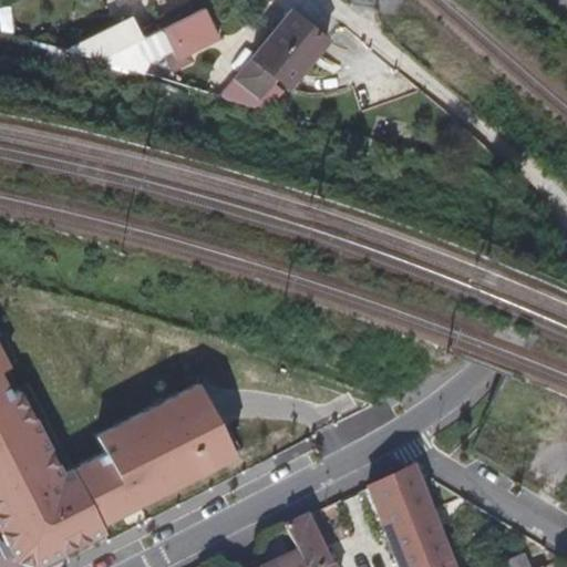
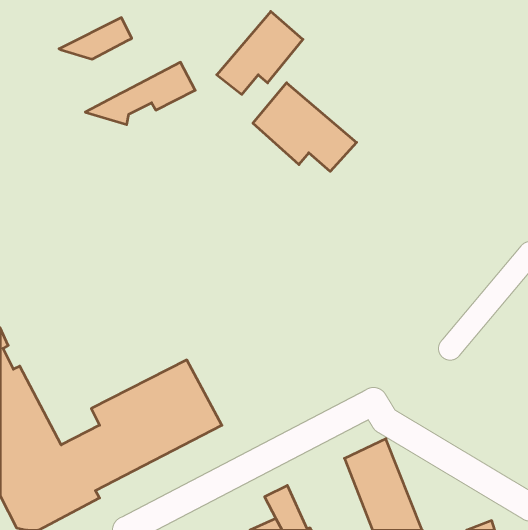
building: [101,10,218,76] -> [85,62,195,125]
building: none -> [253,83,357,171]

